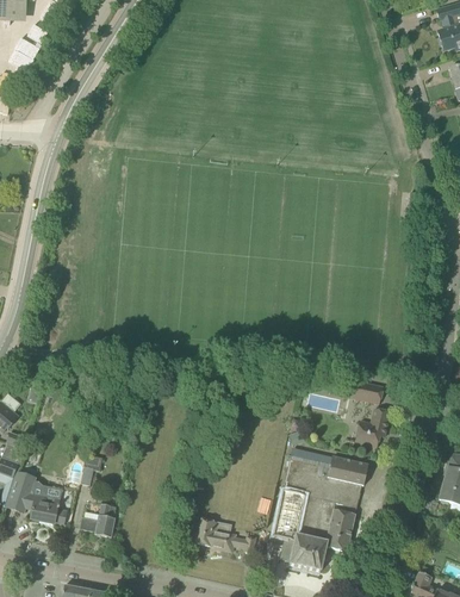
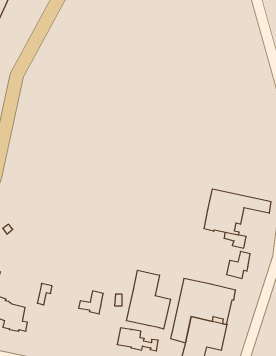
building: none -> [204,189,271,235]
building: none -> [126,270,170,329]
building: [80,503,116,536] -> [79,291,103,314]

